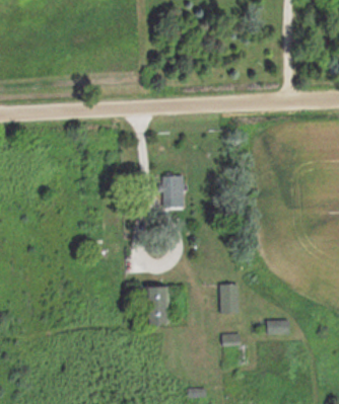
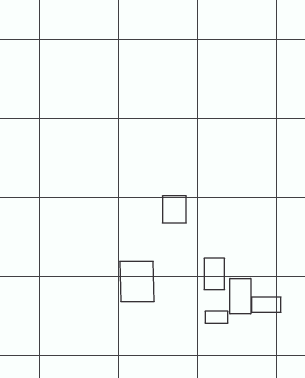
building: [162,176,185,201] -> [162,196,186,223]
building: none -> [230,278,251,314]

